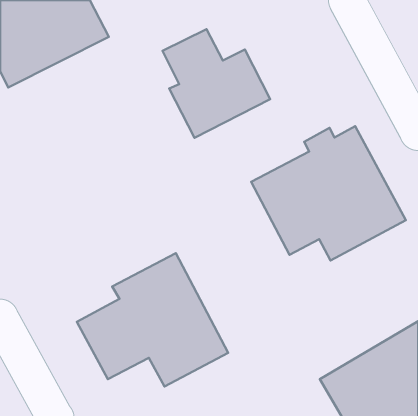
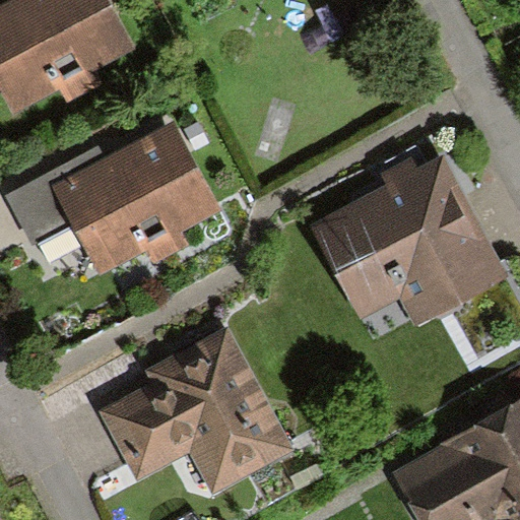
building: [162,29,270,138] -> none
building: none -> [10,122,223,275]

